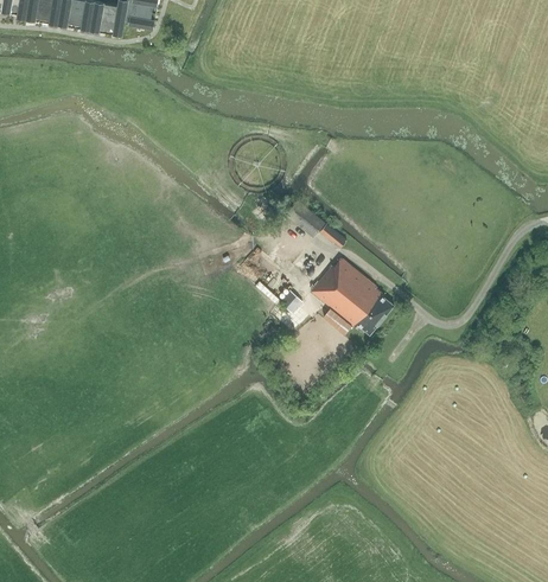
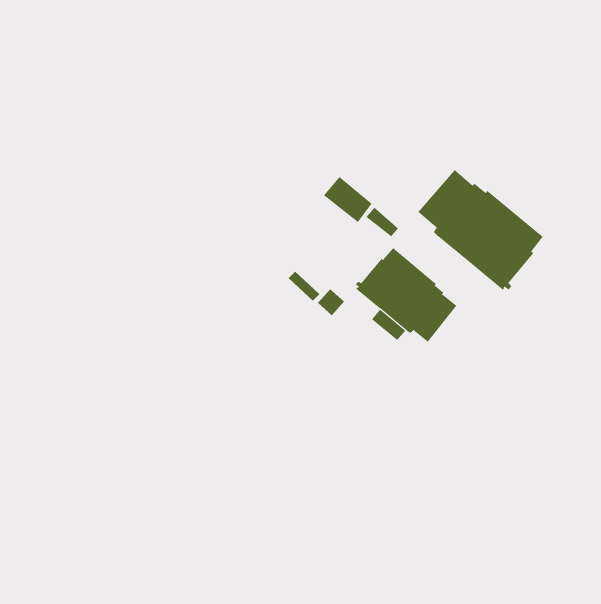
building: none -> [418,169,544,291]

